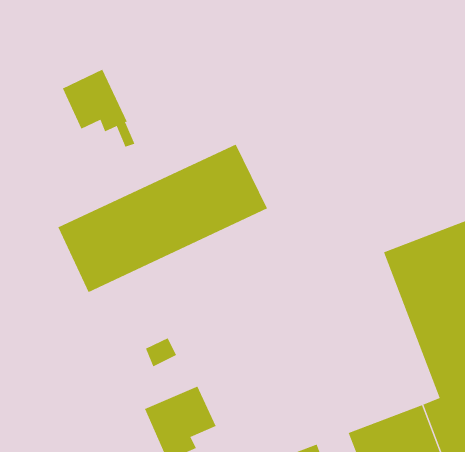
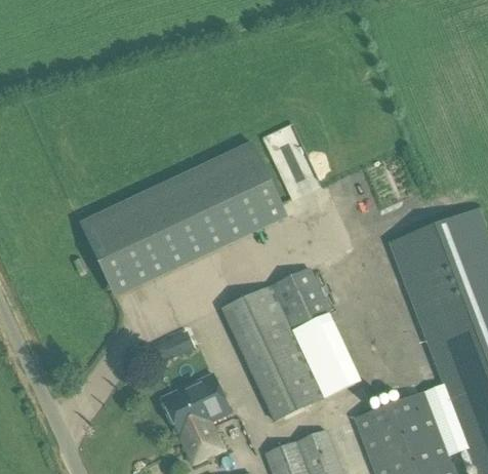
building: [62,69,135,147] -> none
building: none -> [218,270,349,422]

